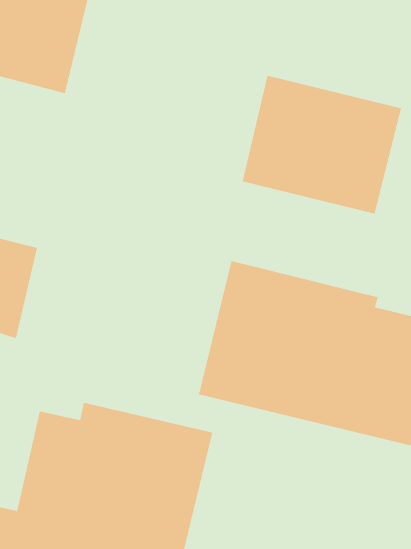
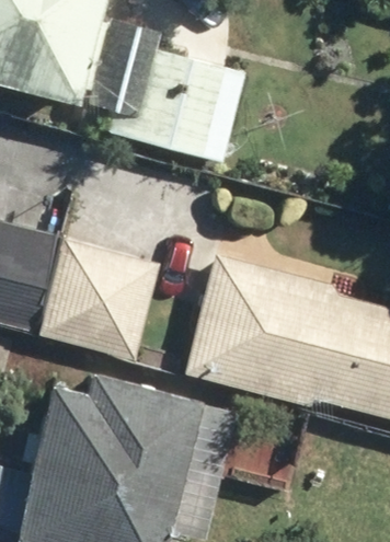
building: [242,75,402,214] -> [106,42,245,162]
building: none -> [35,240,158,365]

